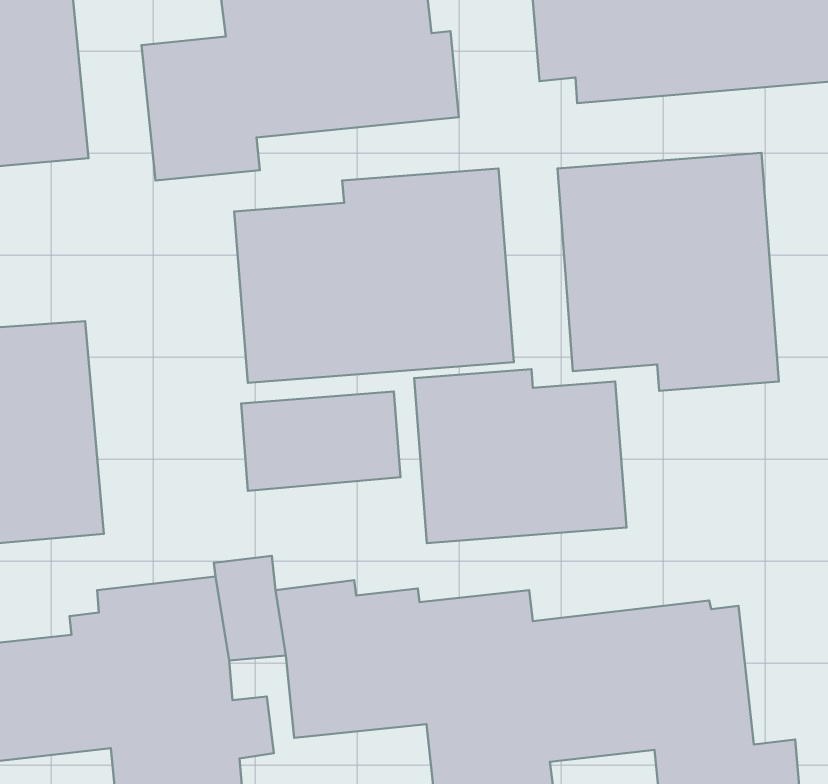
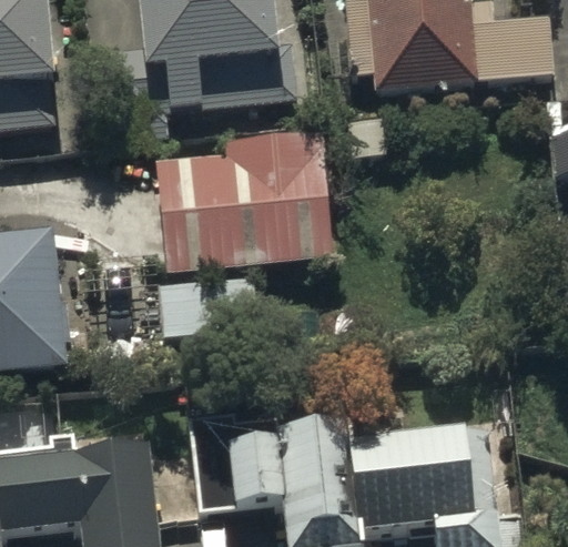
building: [558,153,779,391] -> none
building: [414,369,626,543] -> none

